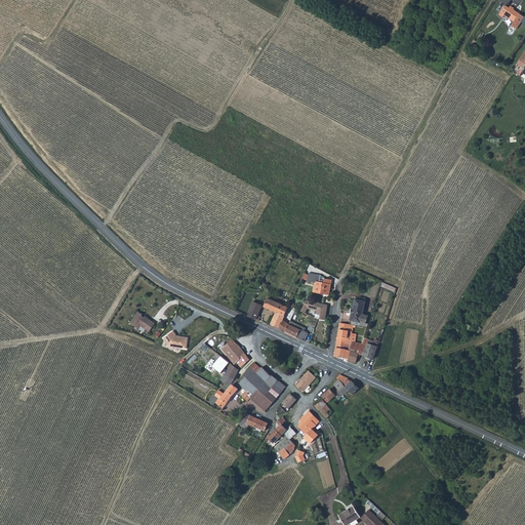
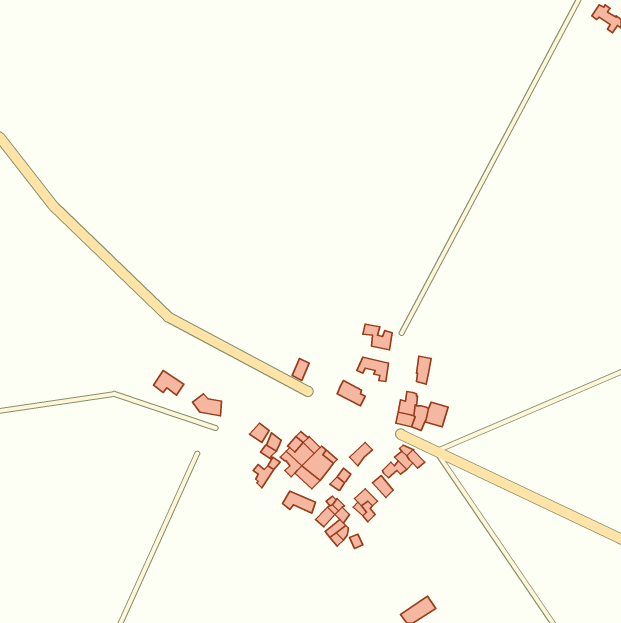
building: [262,297,287,331] -> none
building: [220,338,248,366] -> none

